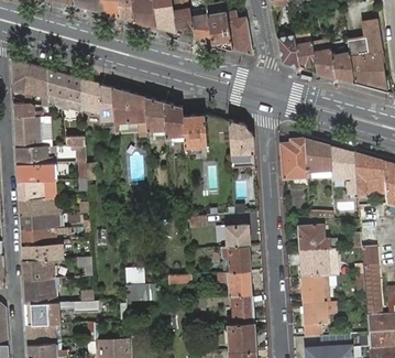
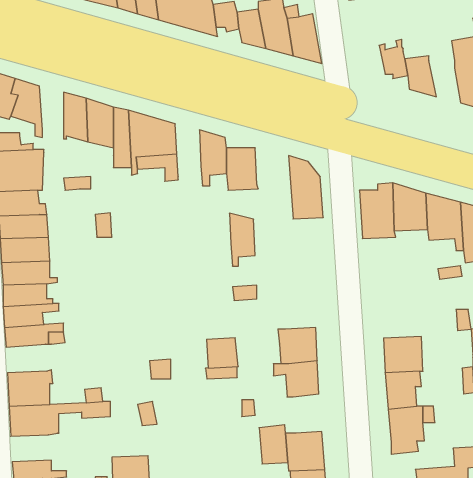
building: [277,33,300,67] -> none
building: [331,51,354,82] -> none
building: [47,69,65,108] -> none
building: [146,97,165,135] -> [229,213,255,266]
building: [226,225,249,247] -> [207,338,238,368]
building: [296,227,336,253] -> none
building: [23,258,53,279] -> none
building: [232,294,253,323] -> [259,425,288,464]
building: [26,324,62,344] -> none

